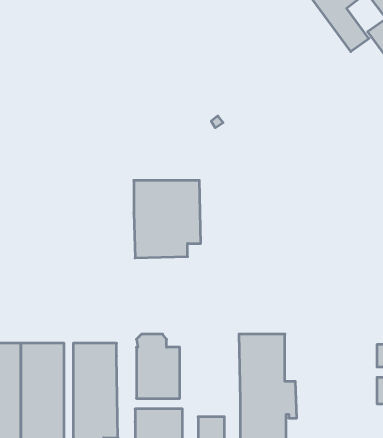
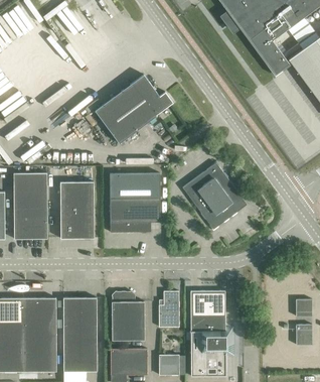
building: none -> [95,75,173,144]
building: none -> [182,163,245,230]
building: none -> [13,172,47,239]
building: none -> [60,182,95,239]
building: none -> [159,291,179,327]

